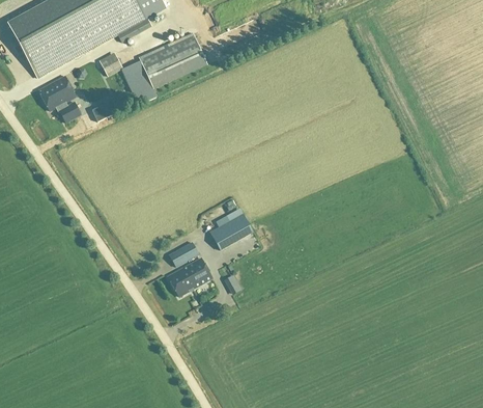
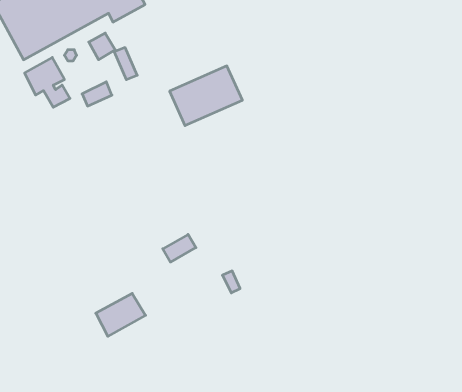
building: [139,31,207,87] -> [170,66,242,126]
building: [209,212,252,248] -> none
building: [167,255,214,296] -> [96,293,146,336]

